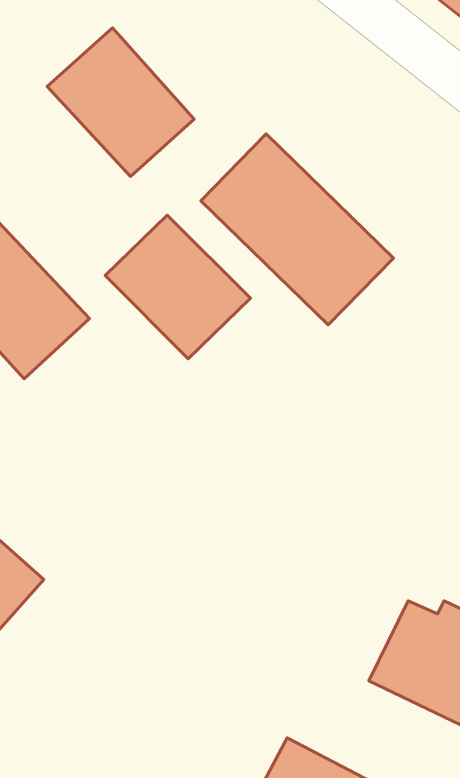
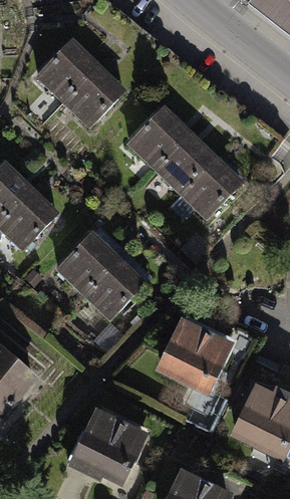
building: [105,215,250,359] -> [56,229,146,317]
building: none -> [158,318,234,393]
building: none -> [71,410,150,488]

